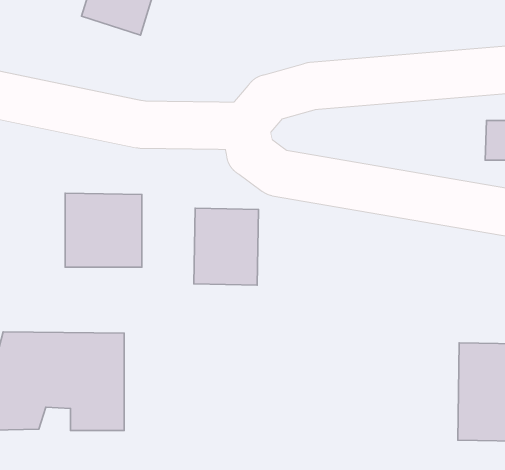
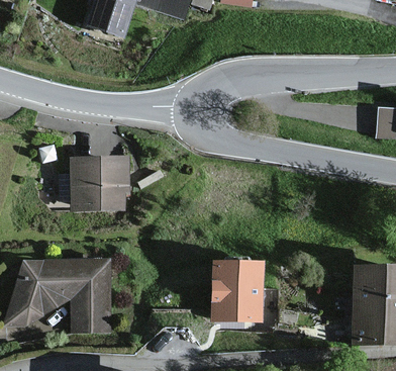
building: [194,208,258,285] -> [215,262,263,318]

